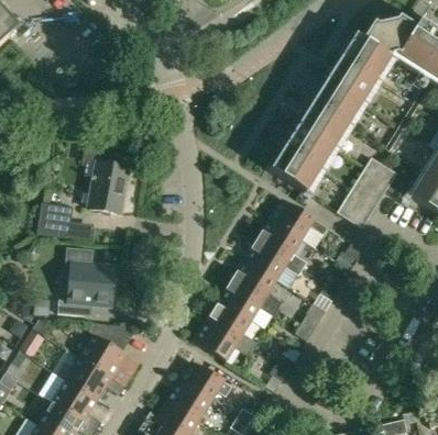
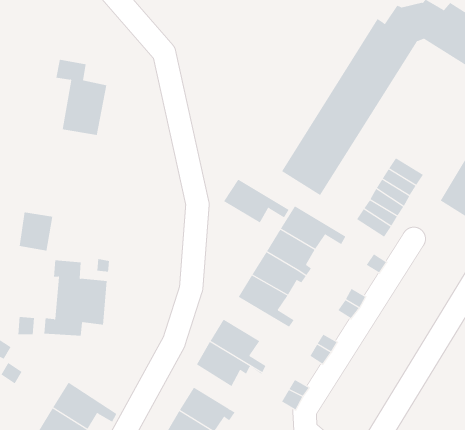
building: [83,145,129,213] -> [56,59,107,136]
building: [218,281,277,321] -> [223,179,290,223]
building: [79,324,139,386] -> none

